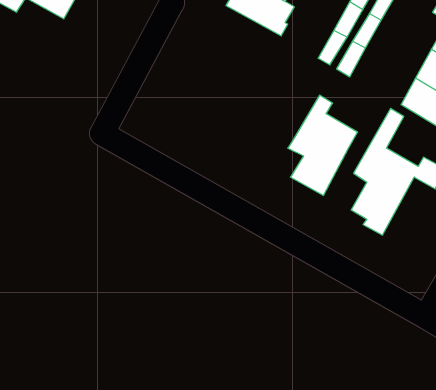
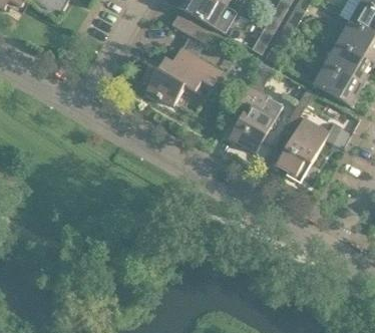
building: none -> [138,14,221,106]

